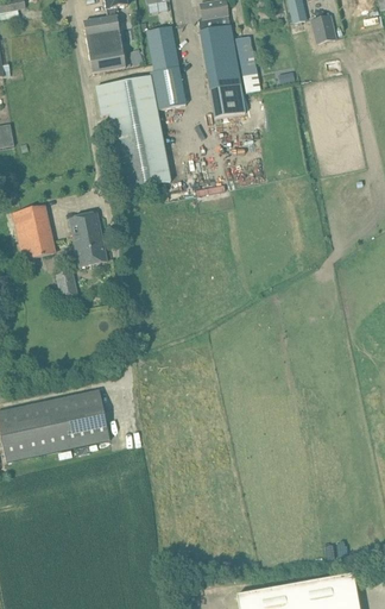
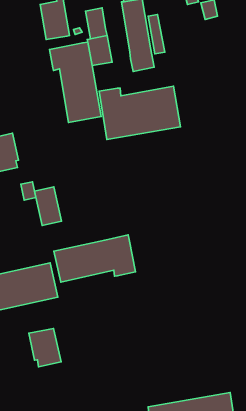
building: none -> [99,86,181,139]
building: [69,212,107,266] -> [35,187,61,225]
building: none -> [54,235,136,282]
building: none -> [29,328,61,367]

